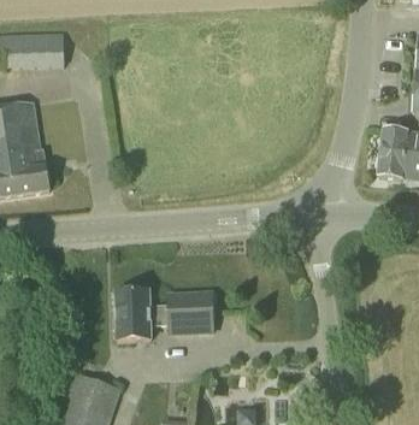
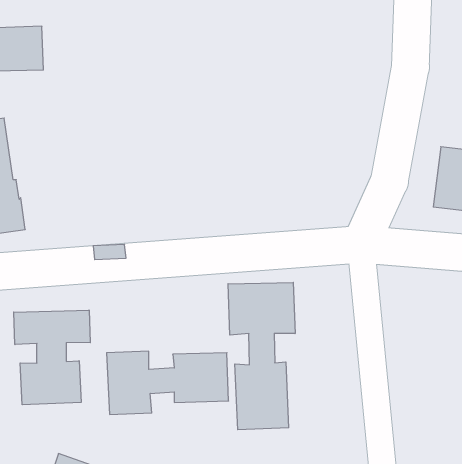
building: none -> [228,282,295,430]
building: none -> [14,310,90,405]

